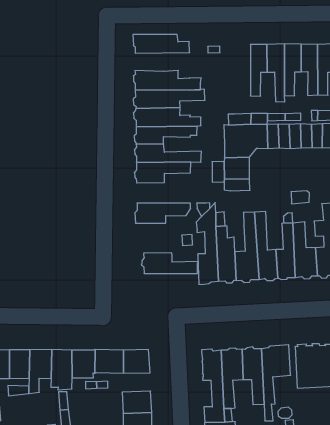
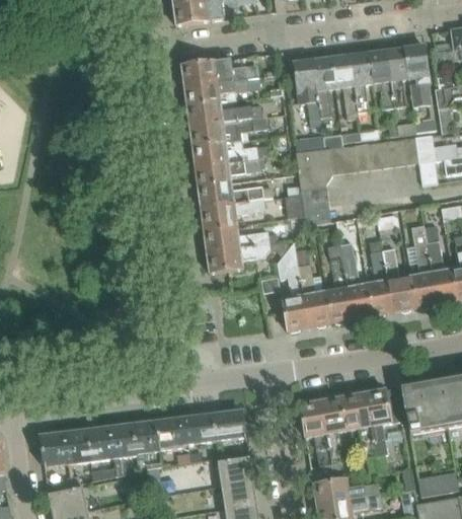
building: none -> [294,60,319,118]
building: none -> [185,77,247,104]
building: [141,253,198,273] -> [205,224,267,250]

